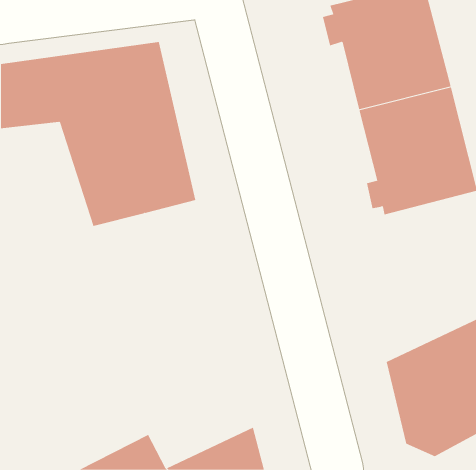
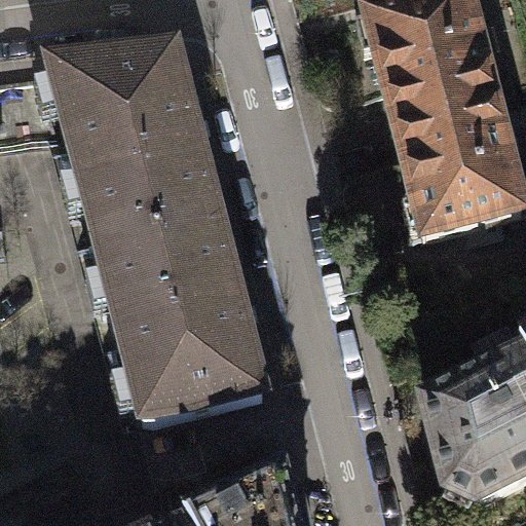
building: none -> [106,219,263,417]

